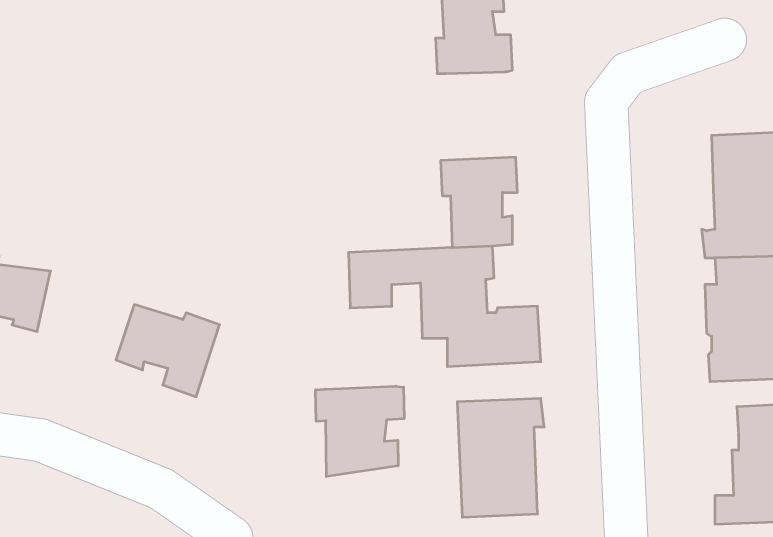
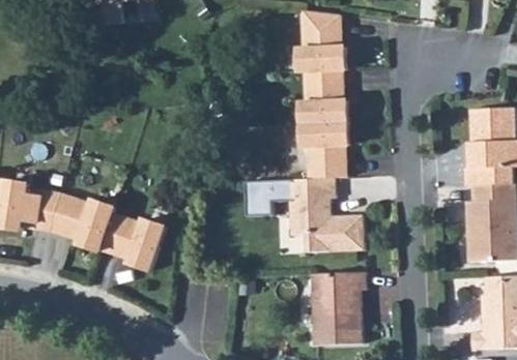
building: none -> [300,70,348,125]
building: none -> [52,193,114,251]
building: [316,386,404,477] -> none

